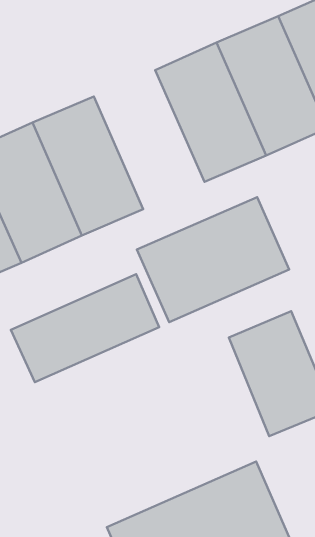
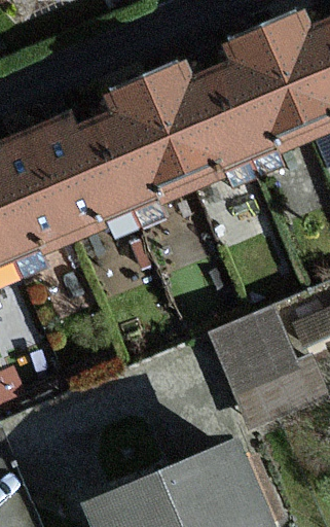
building: none -> [88,80,192,211]
building: [137,197,289,322] -> none
building: [11,274,159,382] -> none

